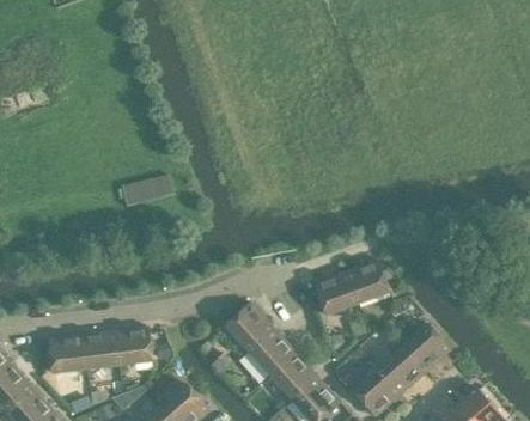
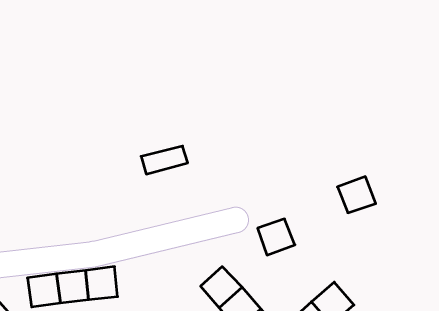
building: [120,176,173,208] -> [141,146,188,174]
building: [343,261,388,303] -> [337,177,376,213]
building: [224,303,272,350] -> none
building: [401,324,449,372] -> none

